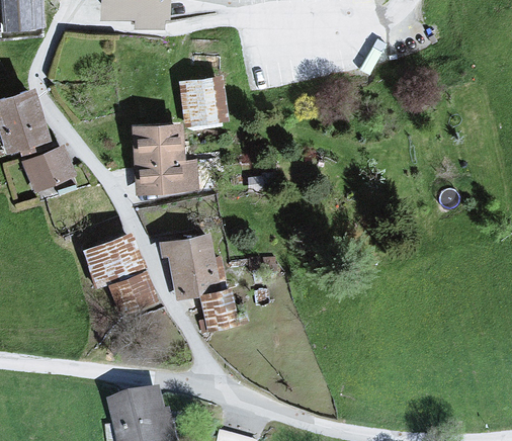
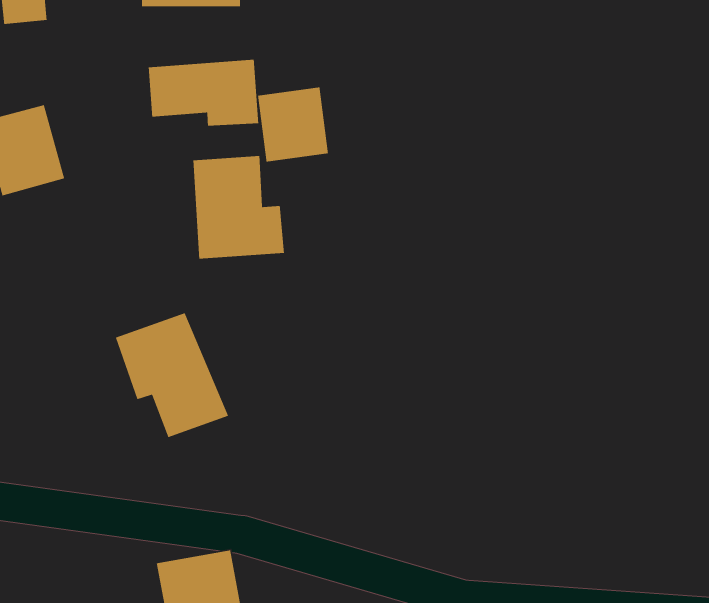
building: none -> [148,59,259,127]
building: [22,146,74,191] -> none
building: [165,233,237,332] -> none

